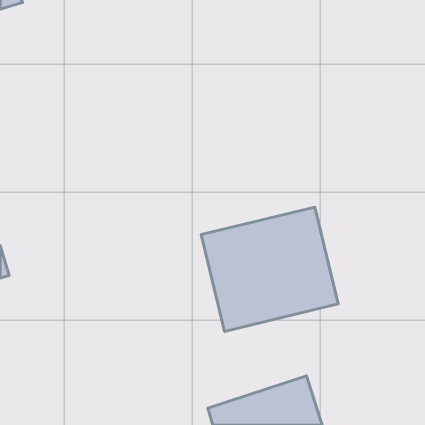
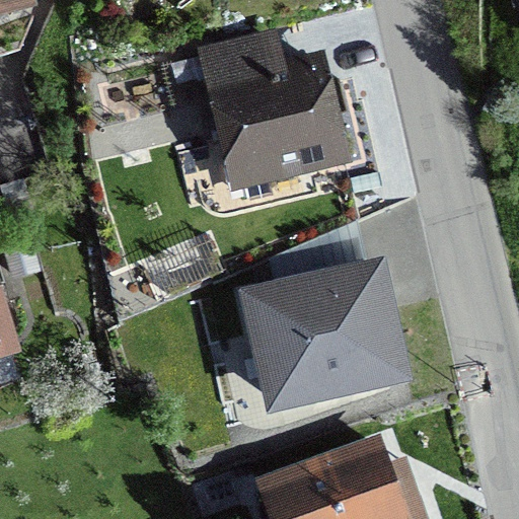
building: none -> [201,44,343,192]

